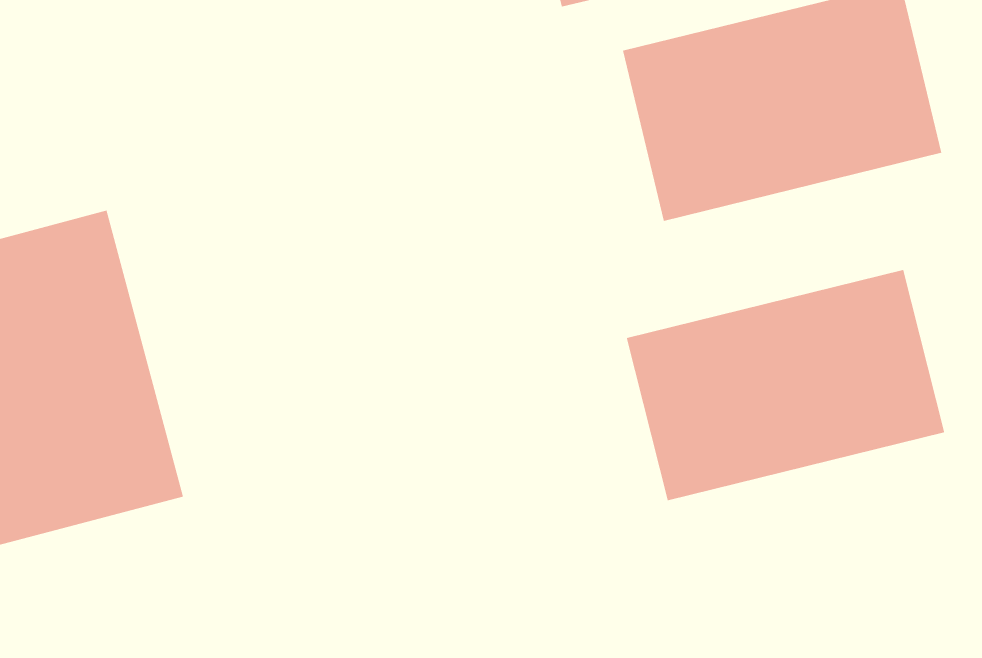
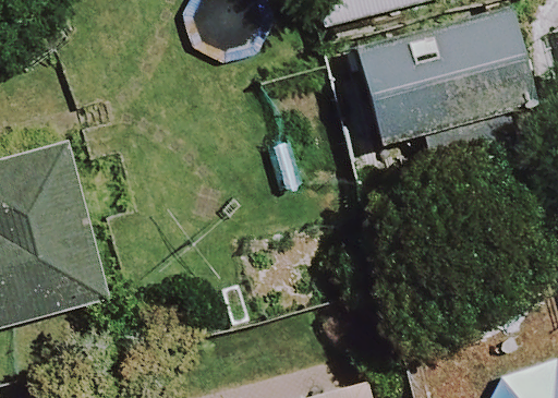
building: [626,269,945,501] -> none

